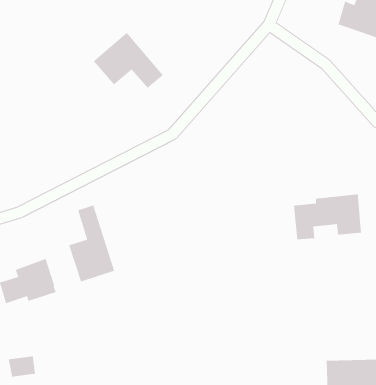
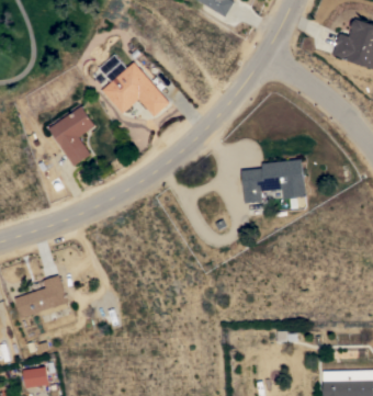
building: none -> [49,106,95,167]
building: [293,194,362,240] -> [241,159,306,203]
building: [68,205,115,282] -> none

